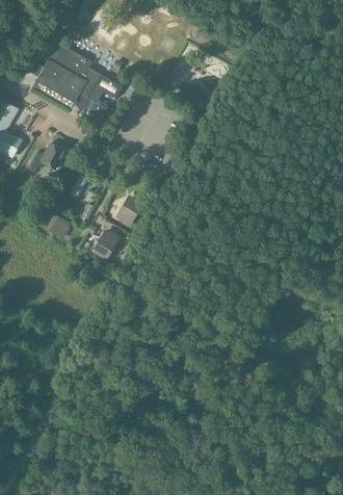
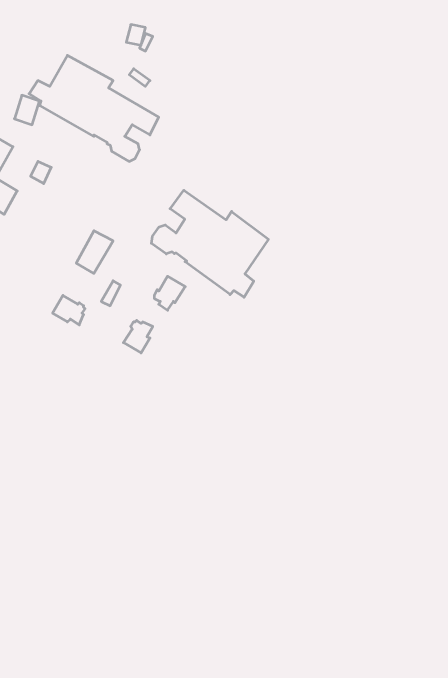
building: none -> [151,190,268,297]
building: [28,142,65,174] -> none

